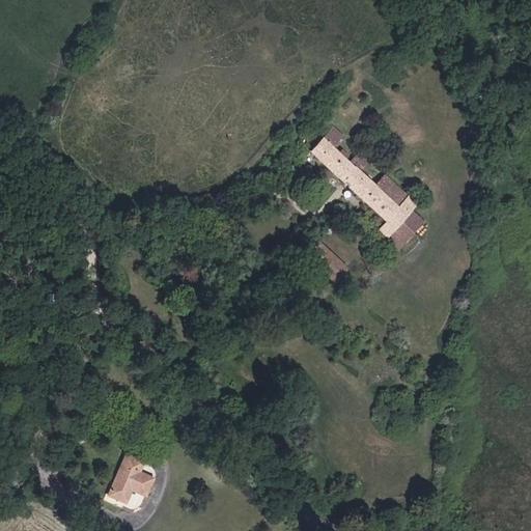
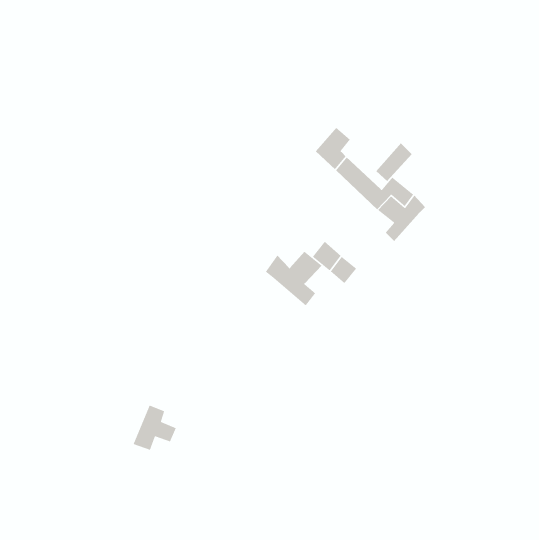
building: [388,209,424,248] -> [376,143,413,182]
building: none -> [265,251,322,307]
building: [108,460,151,506] -> [132,405,177,451]

